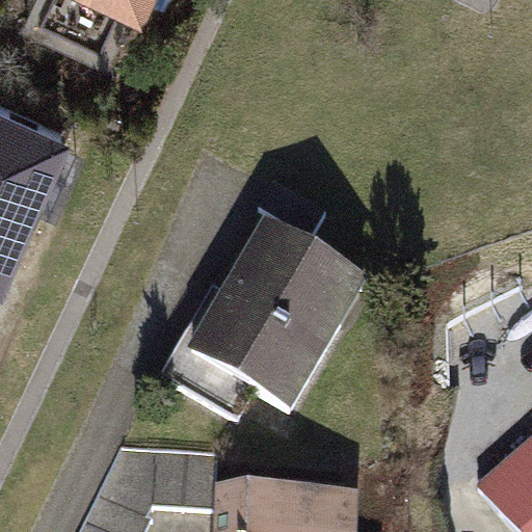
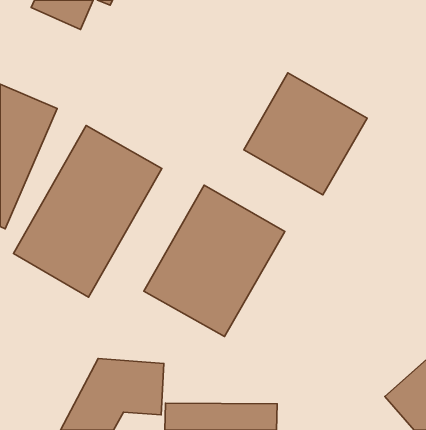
building: none -> [244,73,367,195]
building: none -> [14,125,162,297]

